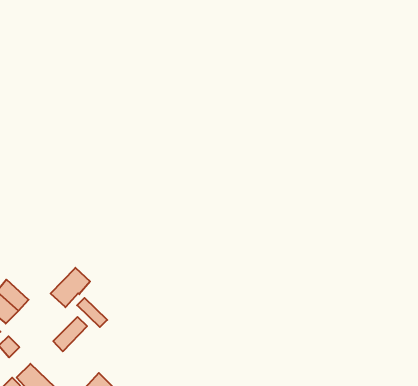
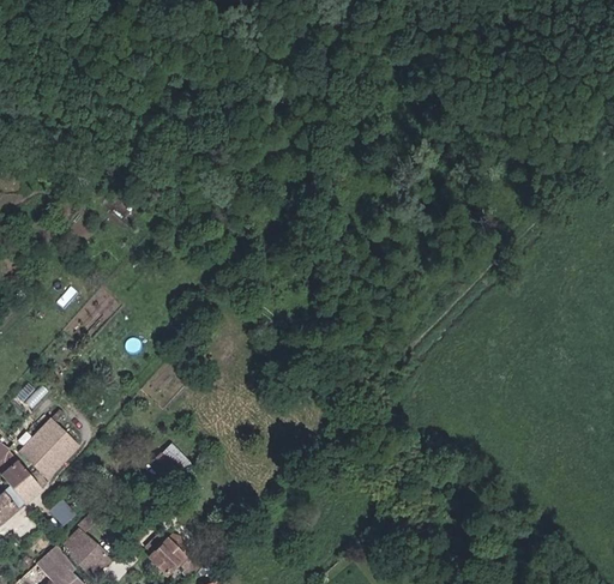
building: [51,268,90,307] -> none
building: [53,317,87,351] -> none

